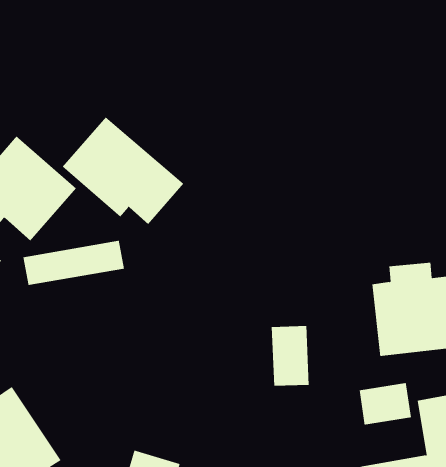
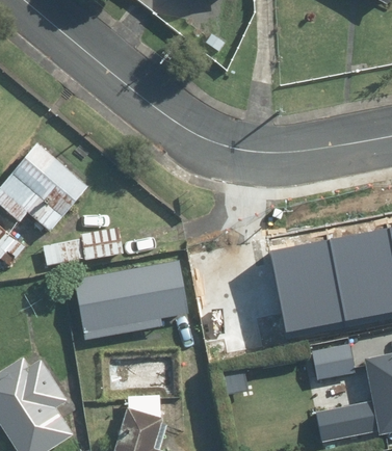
building: [62,116,184,225] -> none
building: none -> [272,260,316,300]
building: none -> [80,264,192,342]

